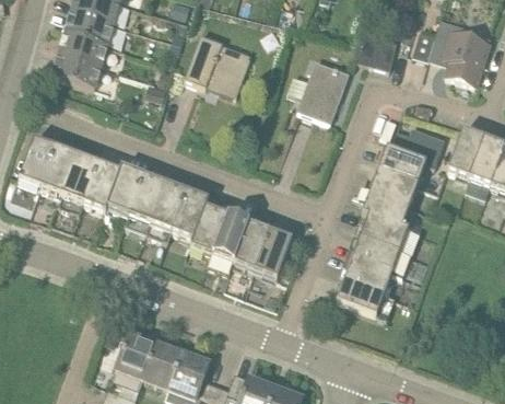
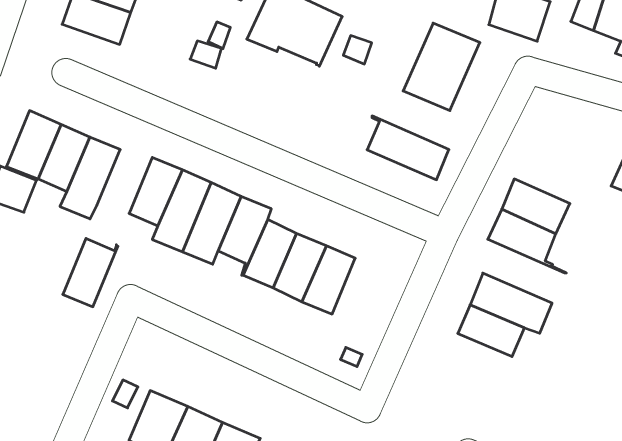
building: [379,124,446,182] -> none
building: [85,161,122,209] -> [63,238,118,307]
building: [361,210,419,253] -> [367,116,449,180]
building: [256,229,293,277] -> none
building: [337,278,385,314] -> none

